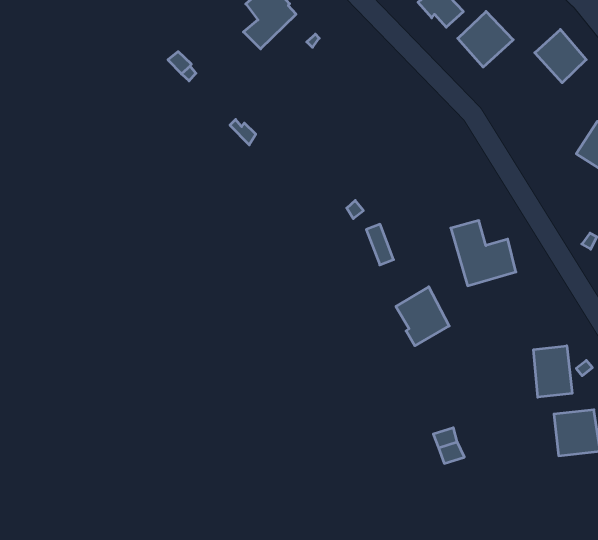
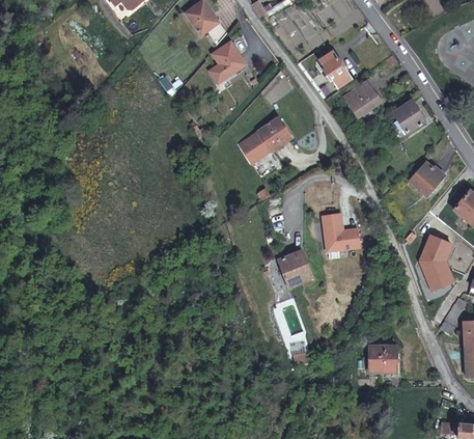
building: none -> [240,118,290,163]
building: [534,346,572,397] -> none

